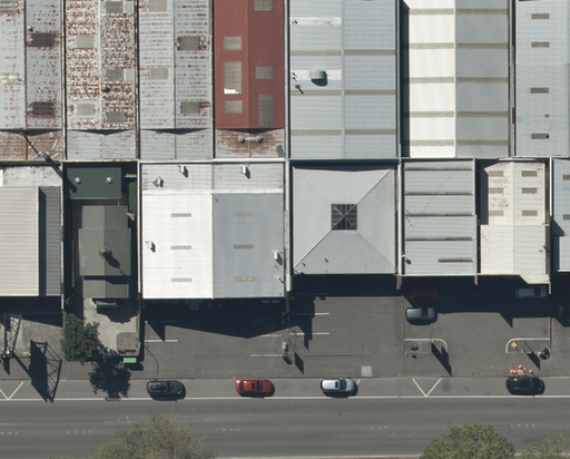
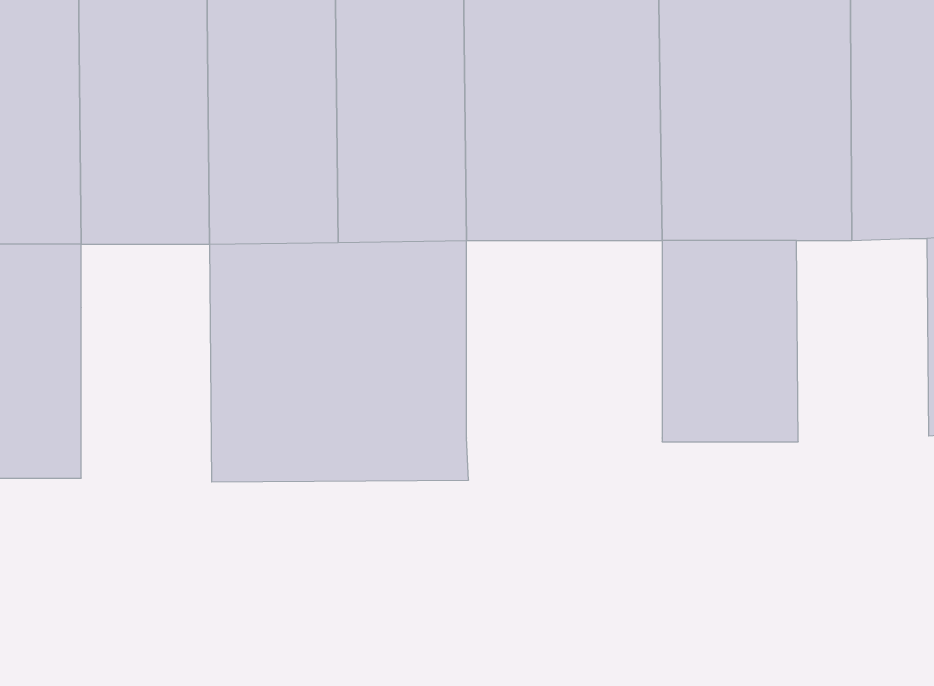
building: [479,157,546,284] -> none
building: [287,158,401,273] -> none
building: [63,160,134,197] -> none
building: [80,204,126,299] -> none

